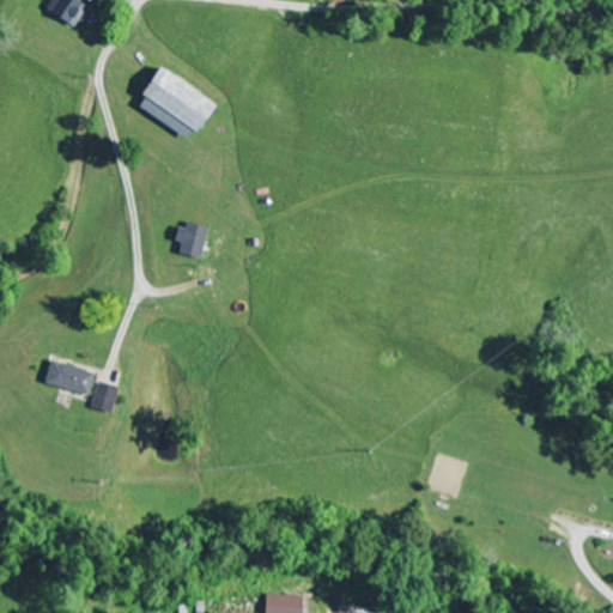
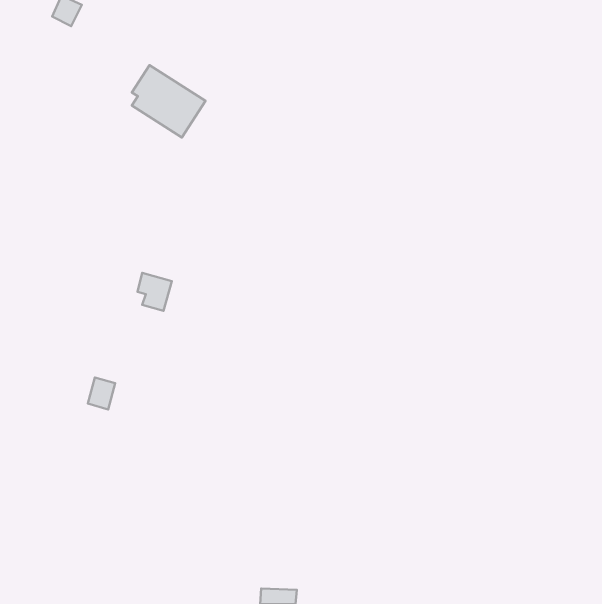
building: [175,220,210,259] -> [137,273,172,311]
building: [45,359,96,395] -> none

